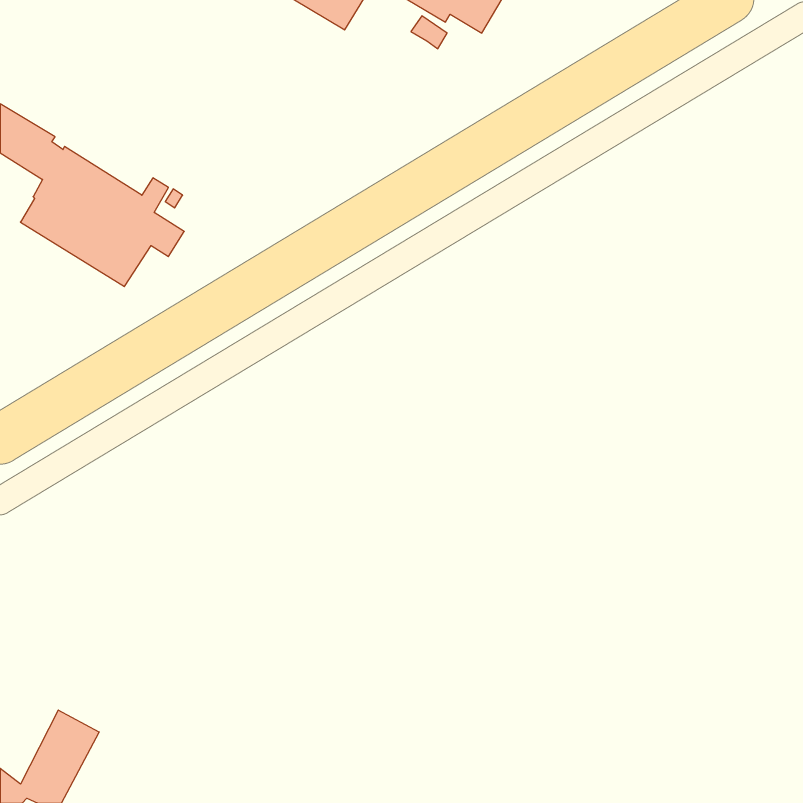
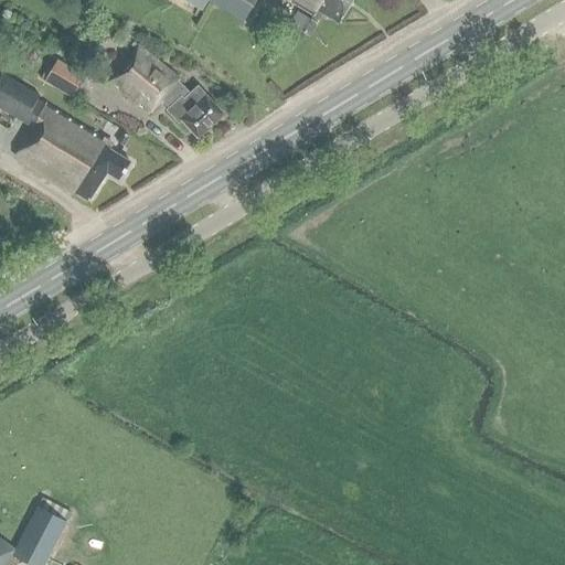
building: none -> [109,45,223,138]
building: none -> [40,58,85,97]

